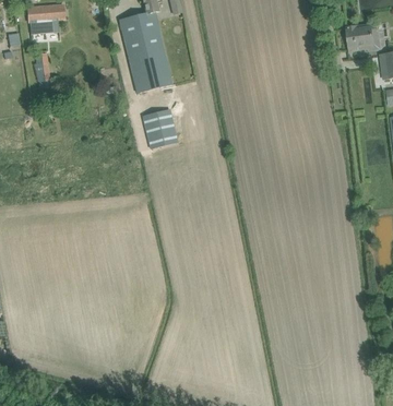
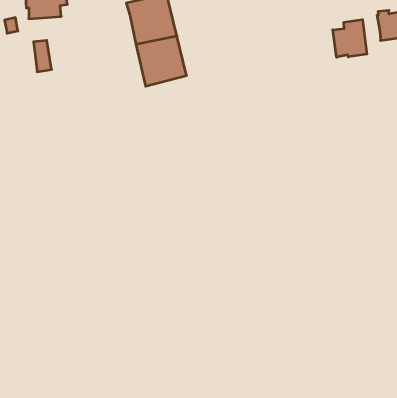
building: none -> [333,20,367,57]
building: [142,110,178,150] -> none

